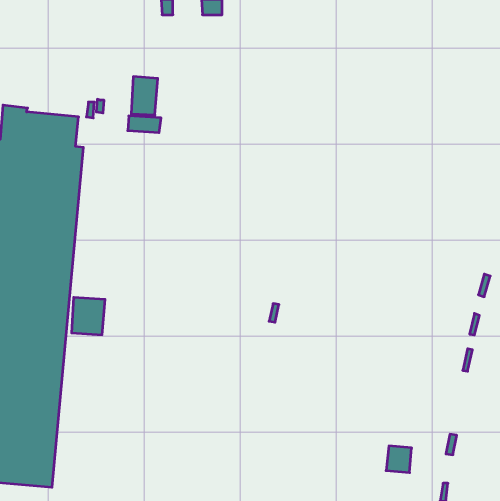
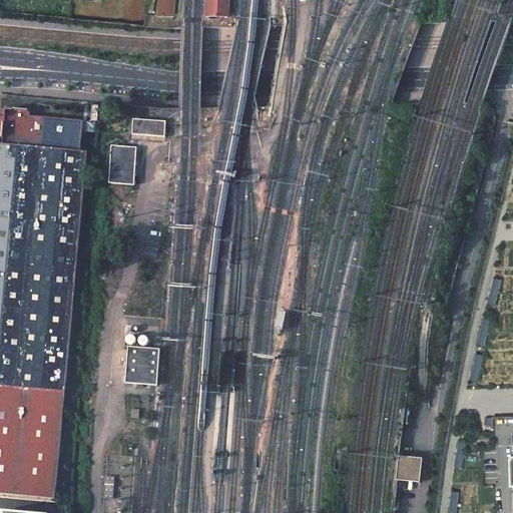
building: [131,77,158,115] -> [107,144,134,183]
building: [72,297,105,335] -> [123,346,157,384]

